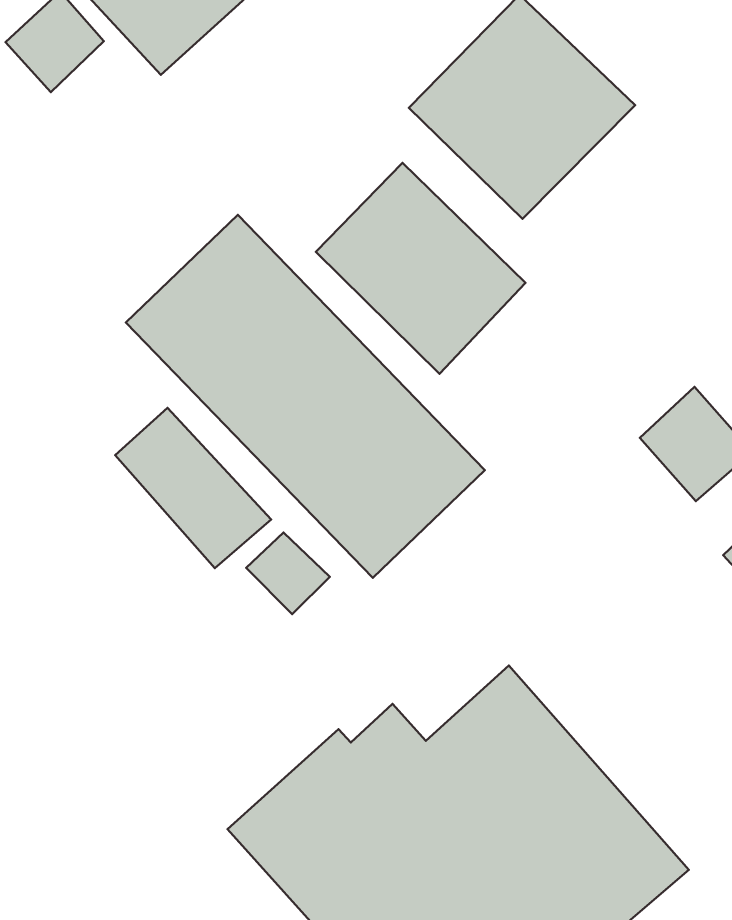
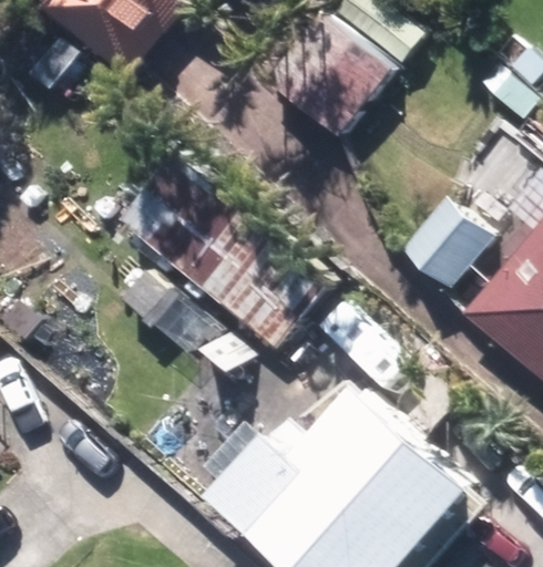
building: [316,163,526,374] -> none

